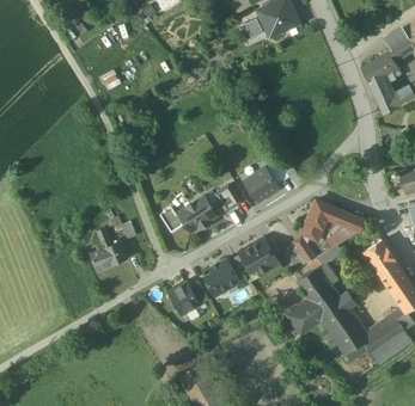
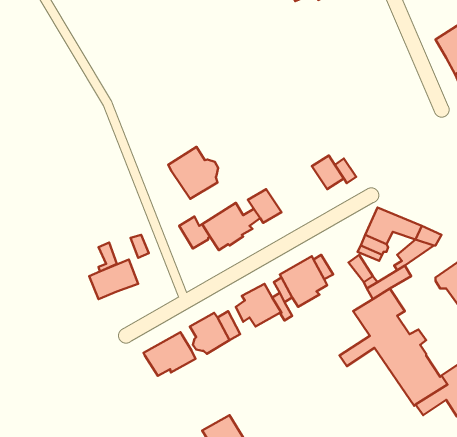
building: none -> [168,147,218,199]
building: [244,167,276,201] -> none
building: none -> [143,332,195,376]

